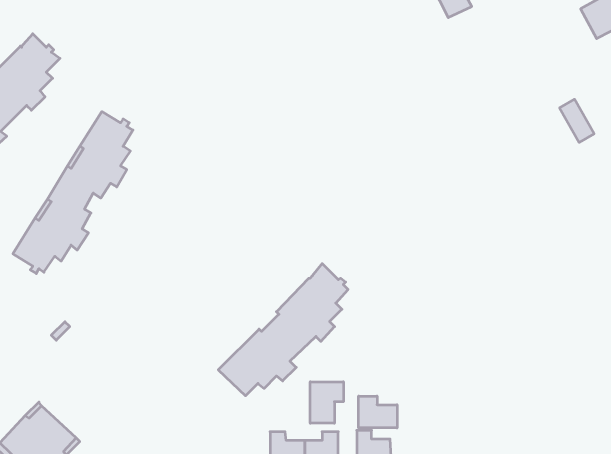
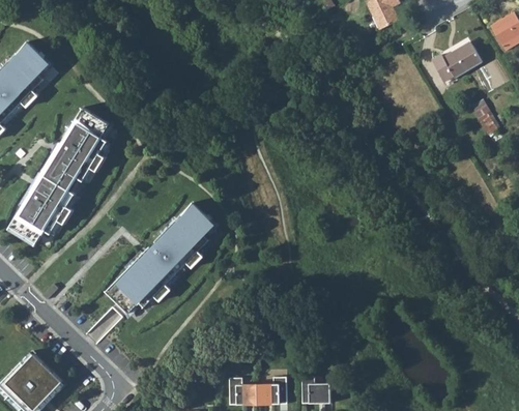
building: none -> [427,37,477,77]
building: [218,264,348,396] -> [106,203,214,314]
building: [310,382,343,423] -> none
building: [359,396,397,428] -> none

